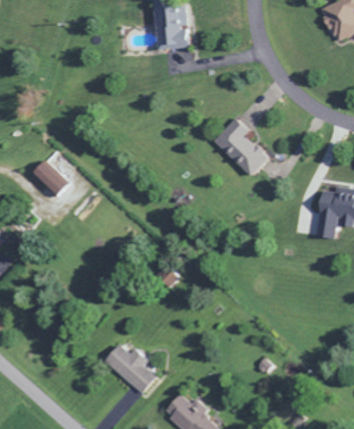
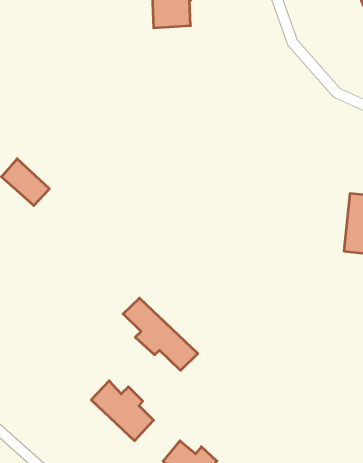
building: [214,118,269,176] -> none
building: none -> [123,298,198,370]

